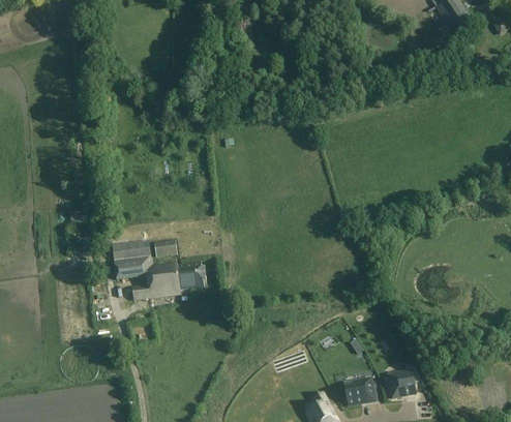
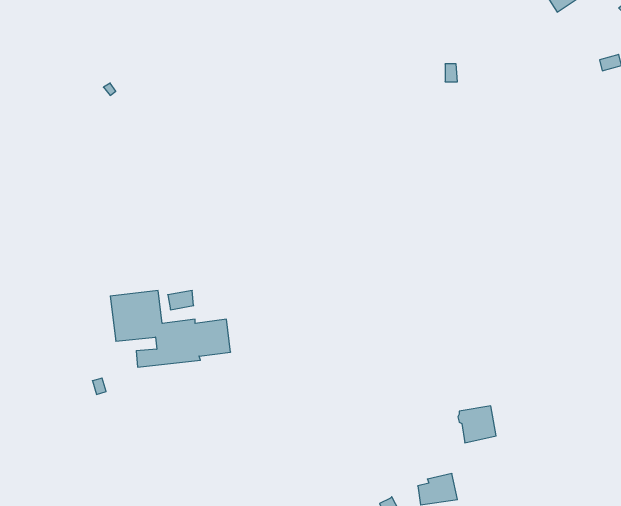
building: [387,370,416,398] -> [458,406,496,443]

